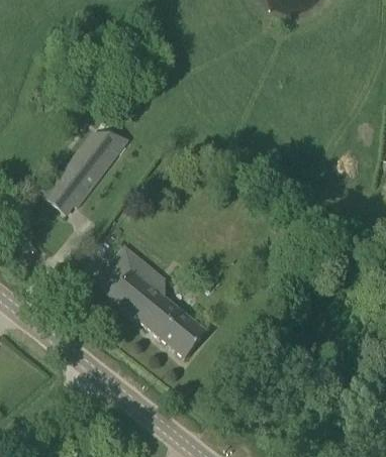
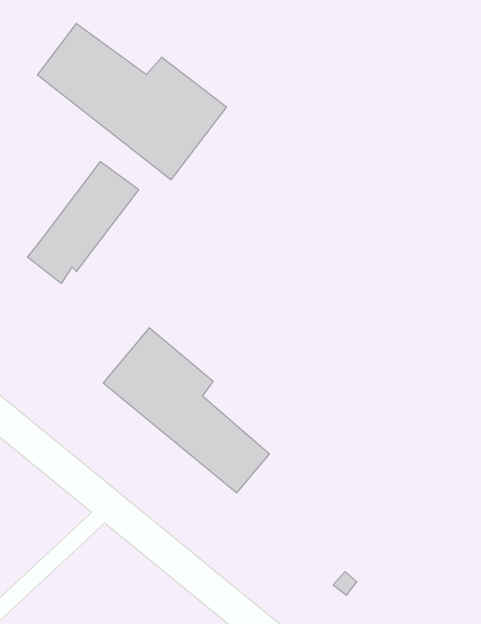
building: none -> [37,23,226,180]

